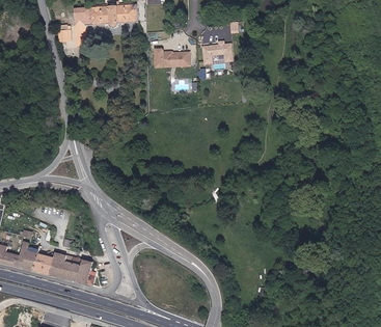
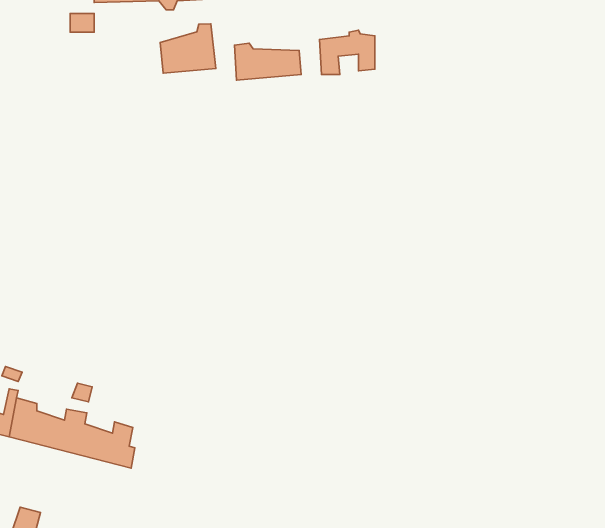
building: none -> [160,24,216,73]

